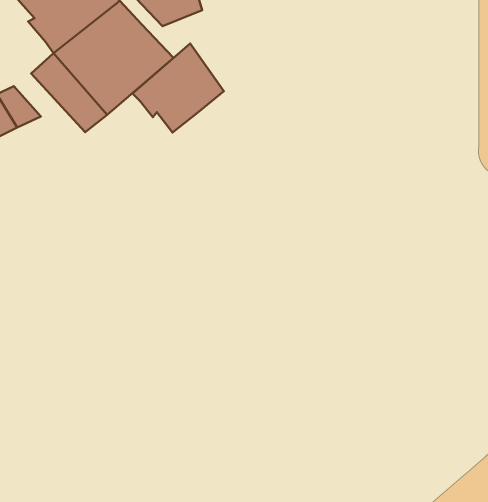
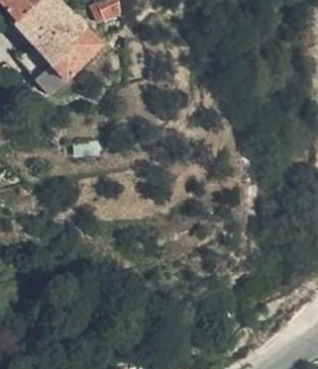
building: [133,43,224,133] -> none

